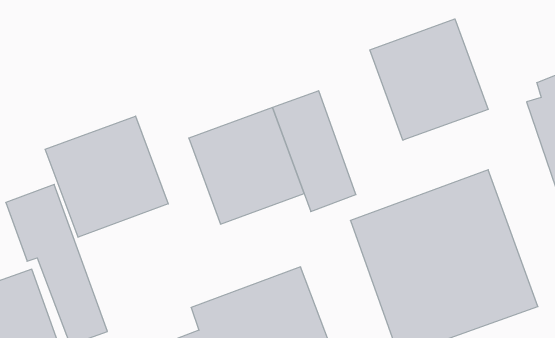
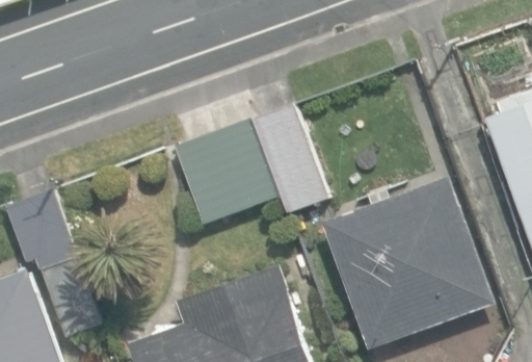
building: [370,19,488,140] -> none
building: [45,116,168,237] -> none

